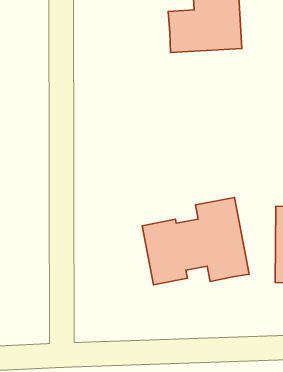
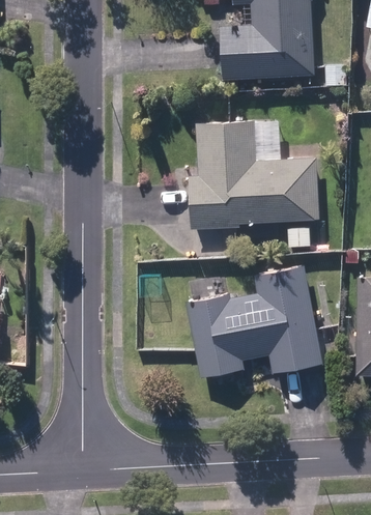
building: none -> [189,122,319,228]

